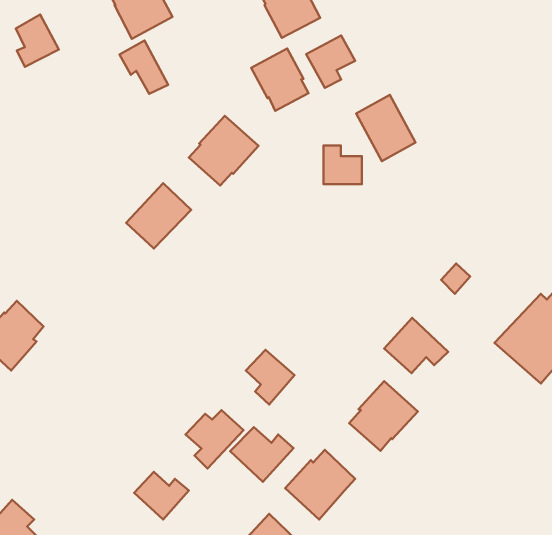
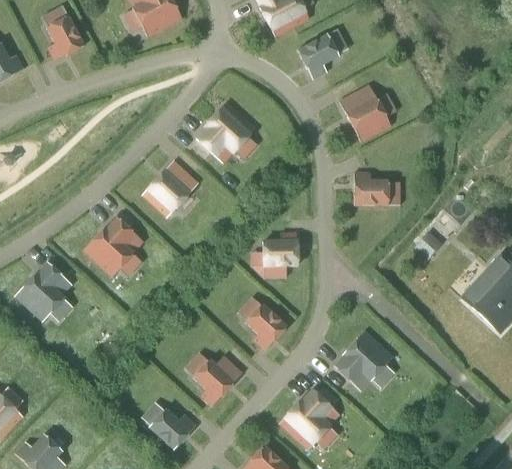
building: [120,40,168,94] -> none
building: [251,49,309,111] -> none
building: [323,146,362,184] -> [356,171,389,204]
building: none -> [85,216,144,276]
building: none -> [264,232,298,264]
building: [384,318,448,373] -> none
building: [230,427,293,482] -> none

